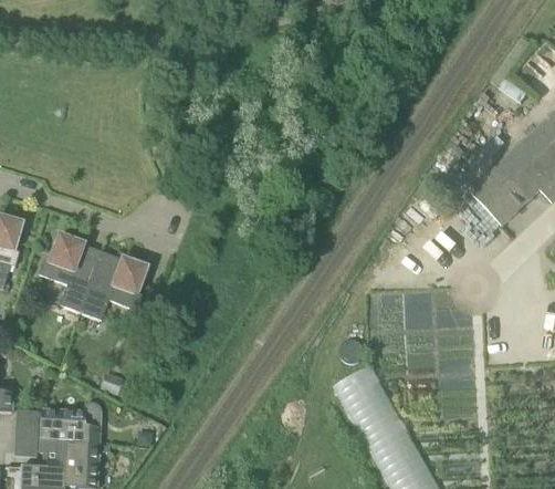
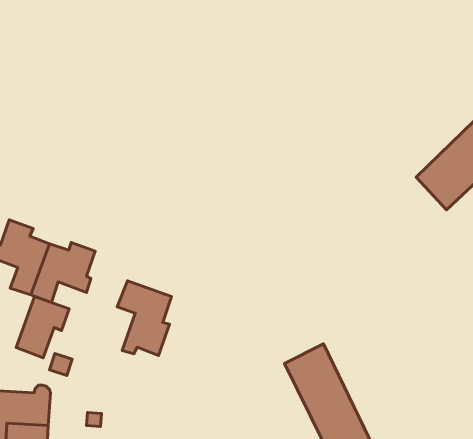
building: none -> [117,281,172,355]
building: none -> [16,297,69,358]

